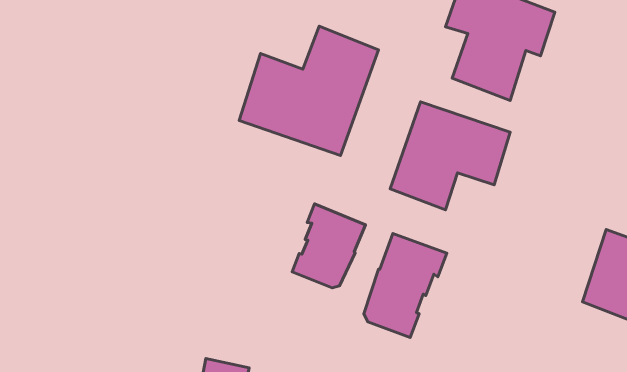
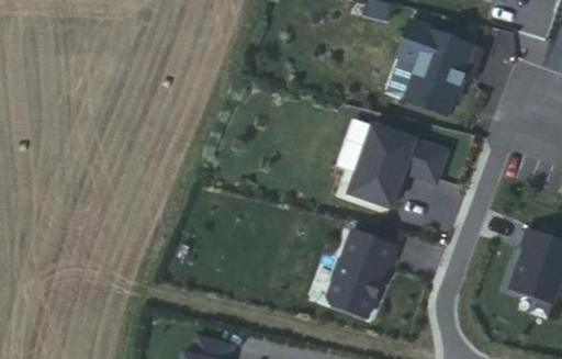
building: [239,26,378,156] -> none
building: [292,204,365,288] -> none

